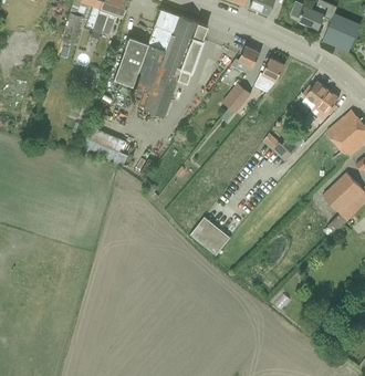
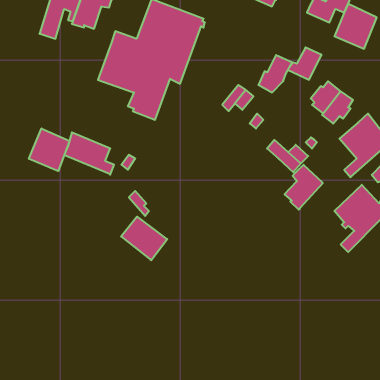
building: [231,45,261,74] -> [288,47,322,80]
building: none -> [29,128,69,171]
building: none -> [285,165,323,210]
building: [190,217,231,255] -> [121,217,167,260]

